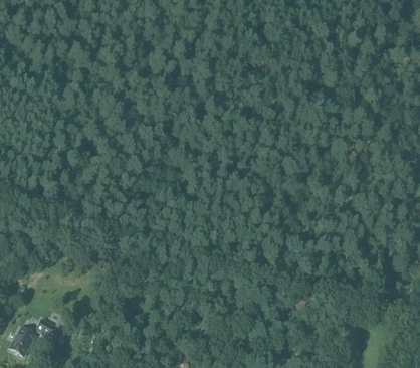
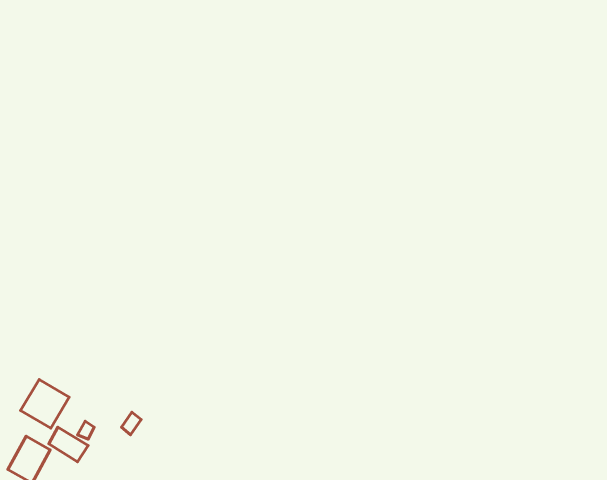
building: none -> [20,379,69,428]

